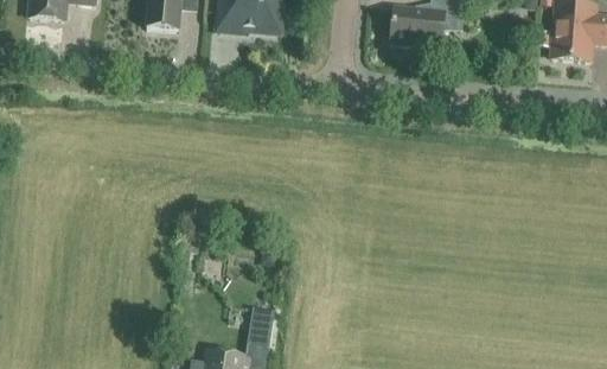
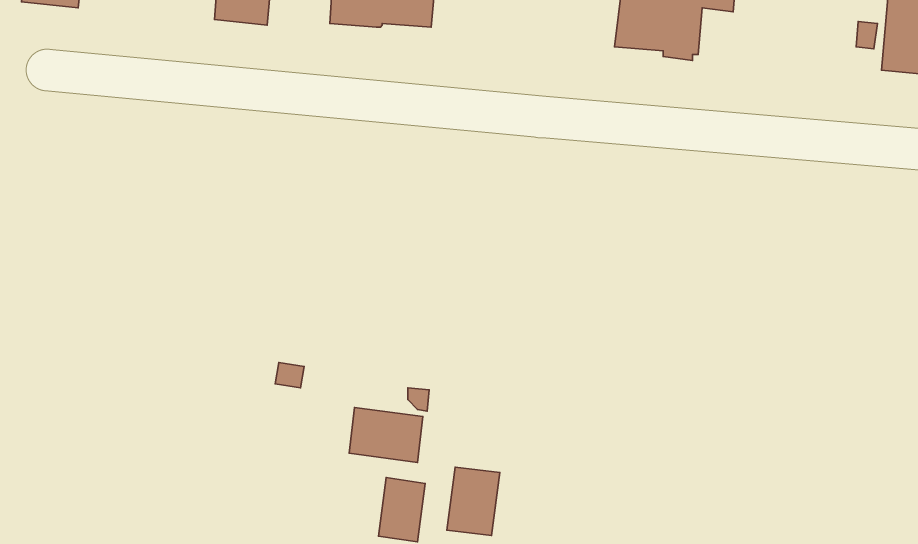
building: none -> [349,407,423,462]
building: none -> [447,467,500,535]

